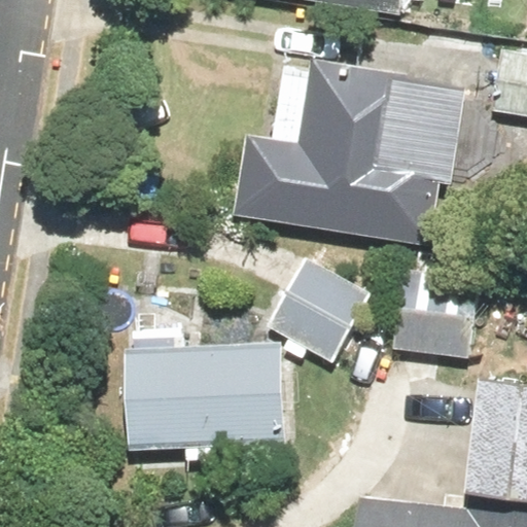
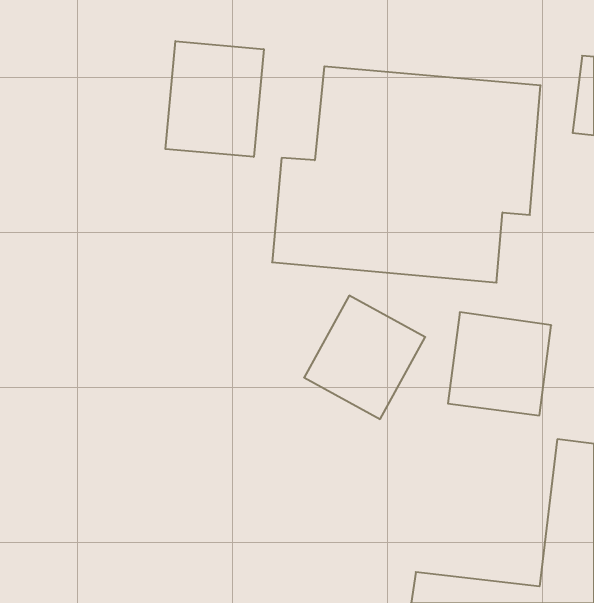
building: none -> [165,41,264,157]
building: [122,330,283,462] -> none

